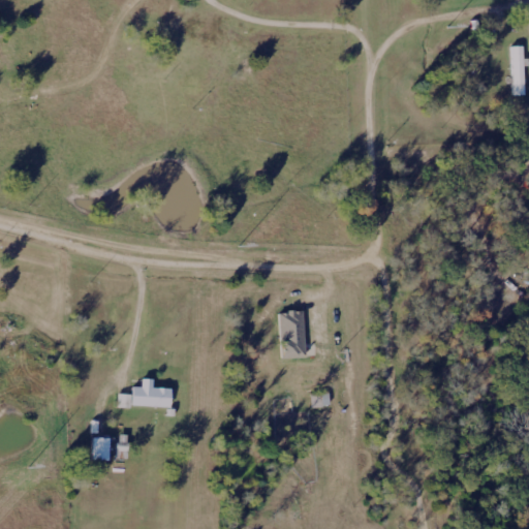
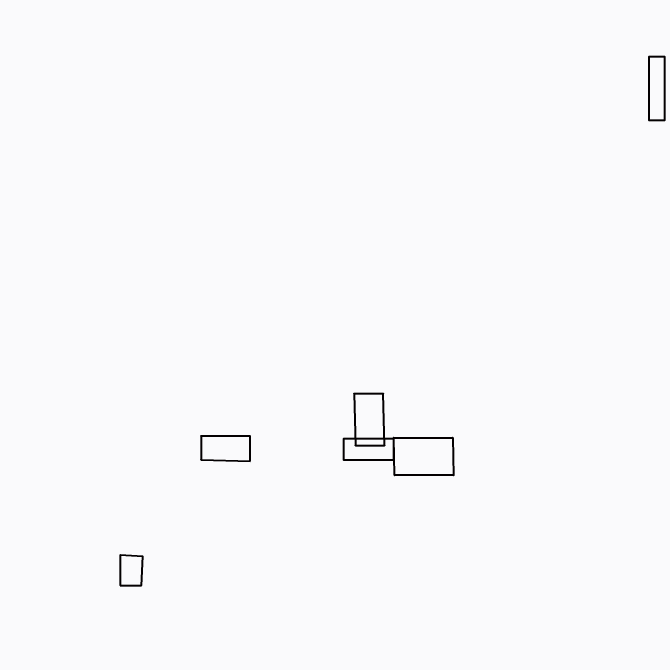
building: none -> [394,438,454,475]
building: [130,386,168,406] -> [201,436,250,461]

